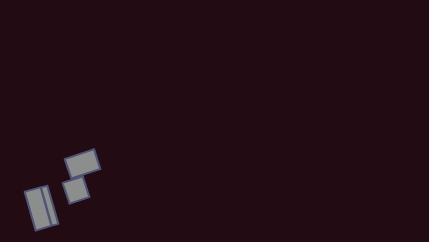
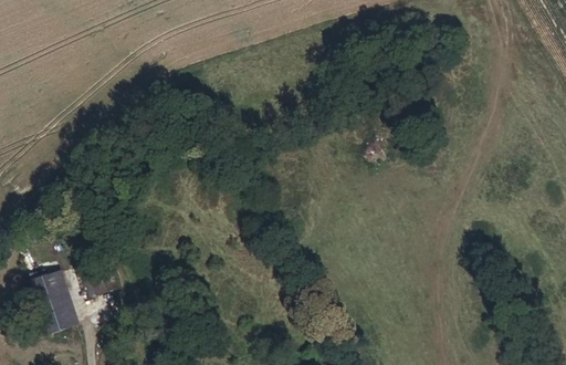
building: [65,149,100,178] -> none

